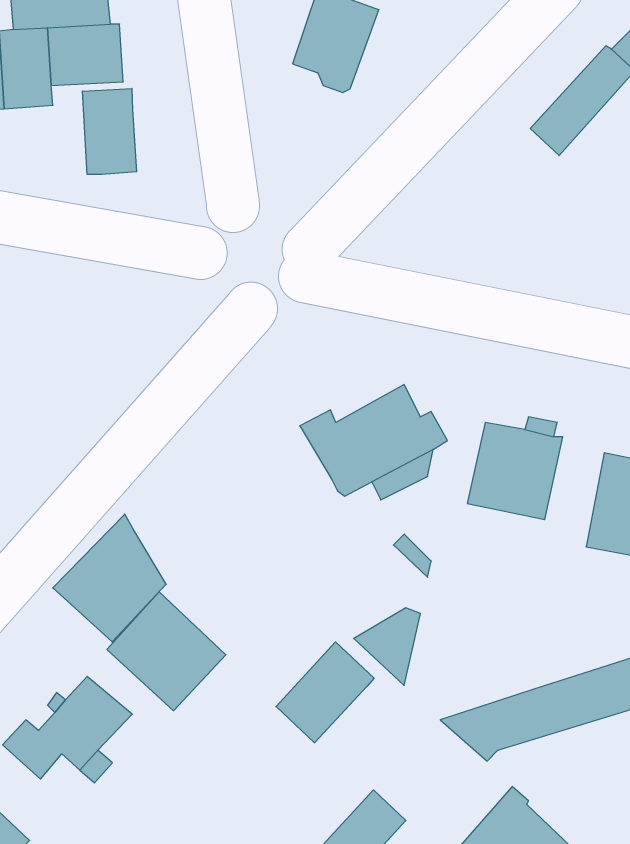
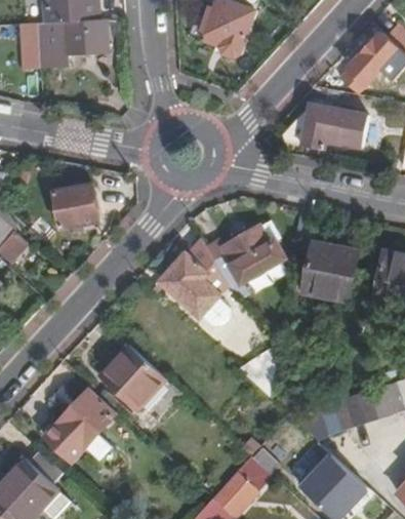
building: [82,88,137,174] -> none
building: none -> [284,106,367,151]
building: none -> [52,184,99,227]
building: [53,514,166,642] -> [162,239,227,312]
building: [276,642,374,743] -> none

